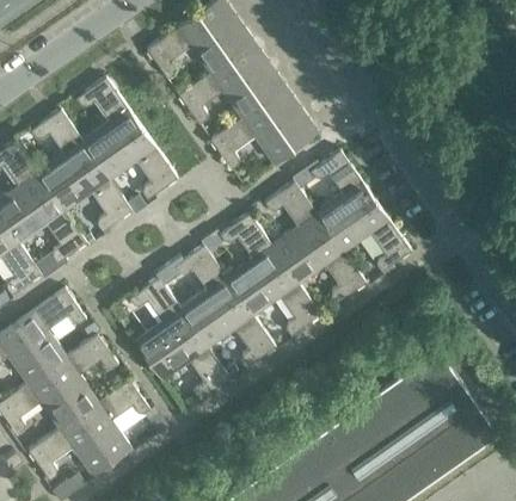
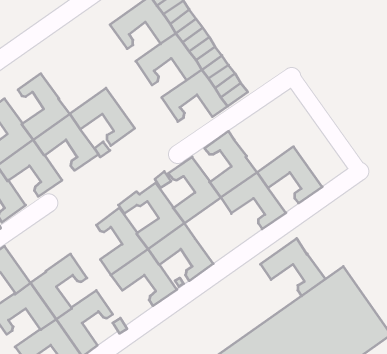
building: [76,79,142,161] -> none
building: [293,151,376,234] -> none
building: [240,265,321,336] -> [260,238,325,296]
building: [16,290,87,371] -> none

